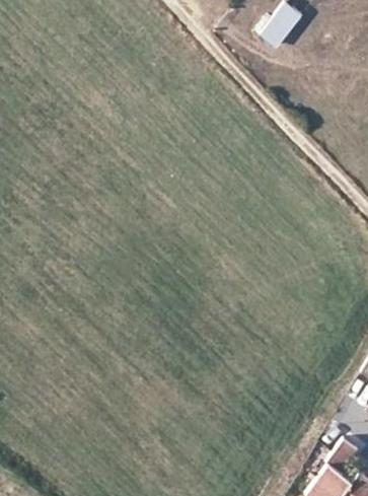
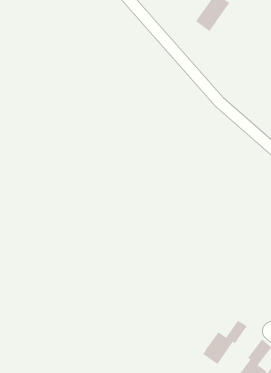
building: none -> [203,320,248,365]

